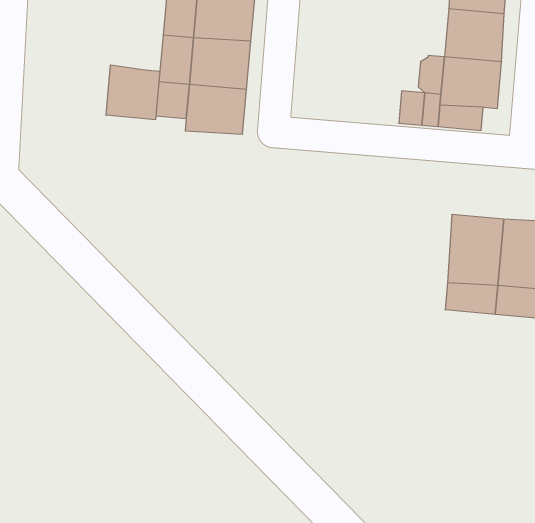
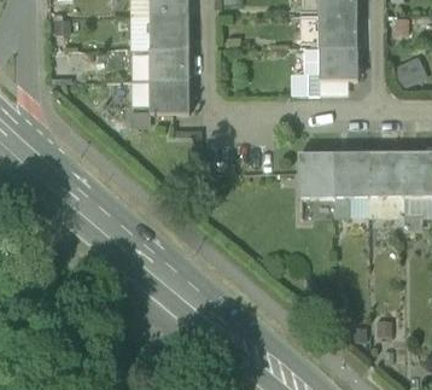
building: [106,65,160,120] -> none
building: none -> [299,152,334,198]

